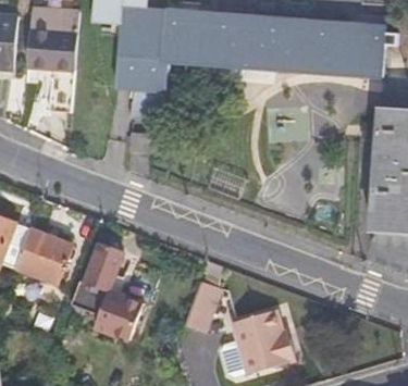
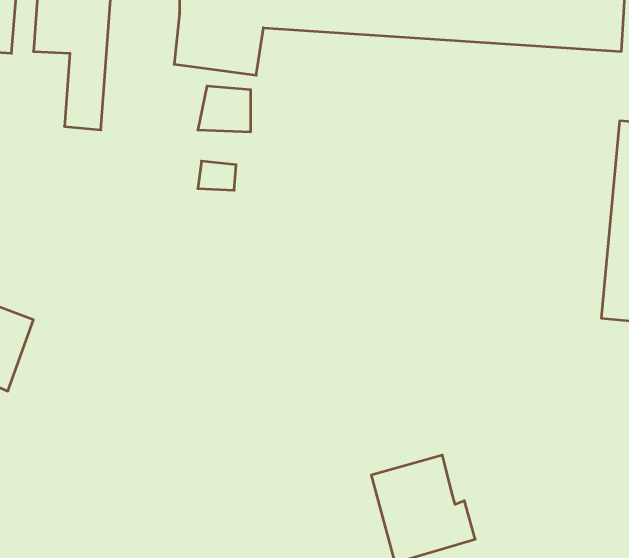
building: [14,231,72,288] -> none
building: [74,242,146,343] -> none
building: [183,279,220,333] -> none

